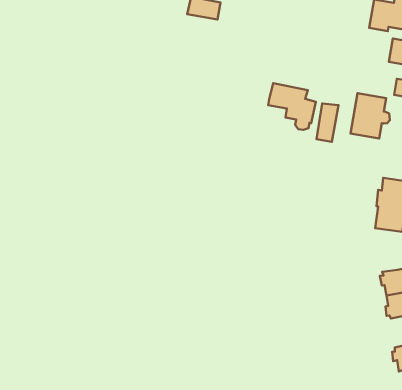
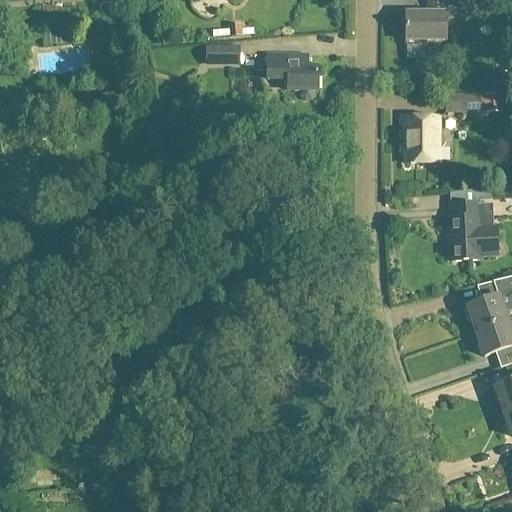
building: [268,83,316,130] -> [267,52,318,97]
building: [317,103,338,142] -> none

